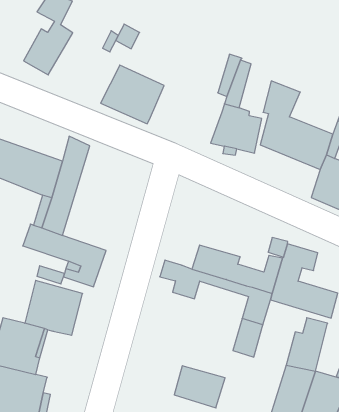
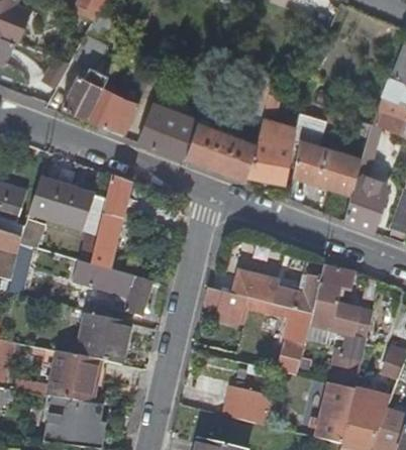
building: none -> [87,86,139,131]
building: none -> [186,121,255,177]

